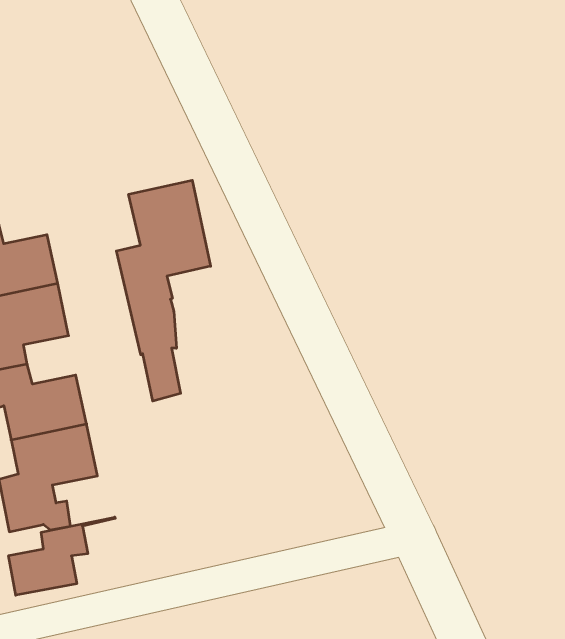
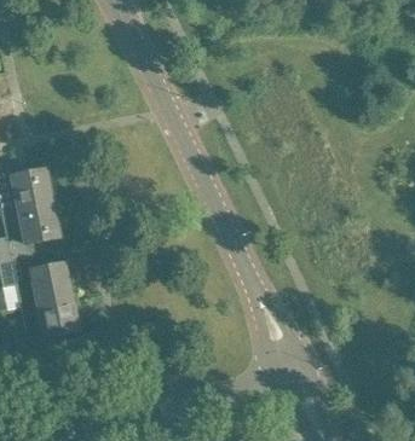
building: [116,180,211,401] -> none
building: [9,517,115,595] -> none

